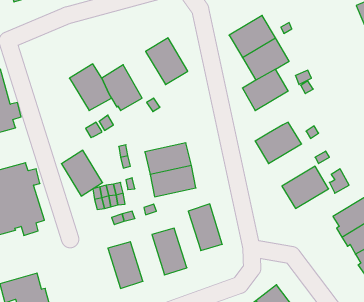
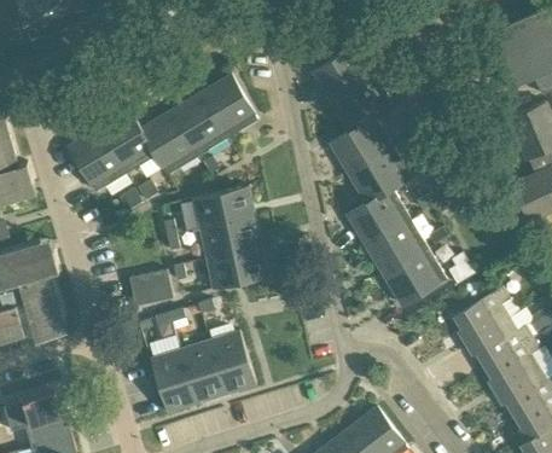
building: none -> [169,93,226,156]
building: none -> [347,146,411,203]
building: none -> [192,185,254,228]
building: none -> [365,217,428,274]
building: [61,150,103,196] -> [68,129,123,191]
building: [188,204,222,251] -> [179,339,225,402]

